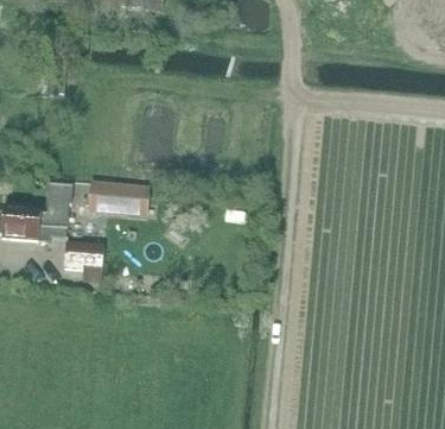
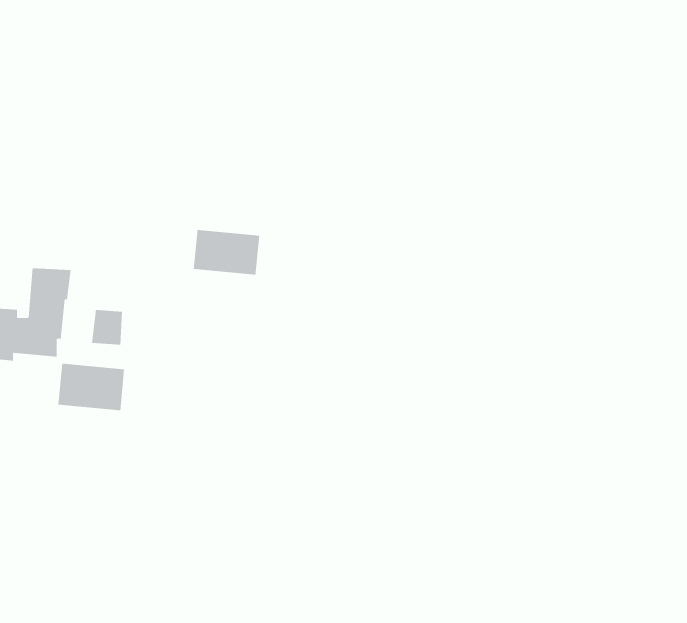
building: [89,178,129,206] -> [193,230,260,275]

